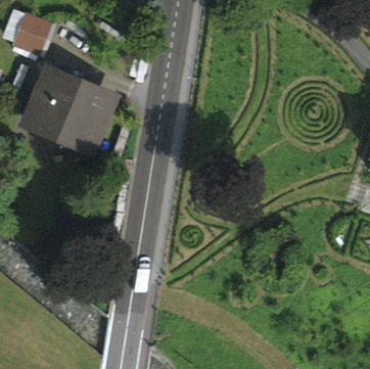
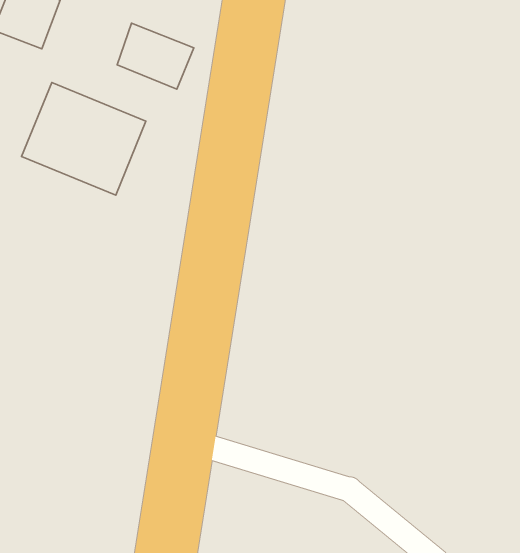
building: none -> [117,23,194,89]

